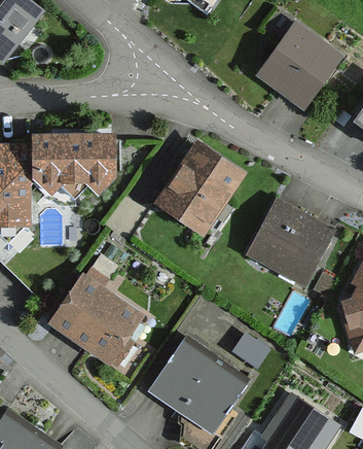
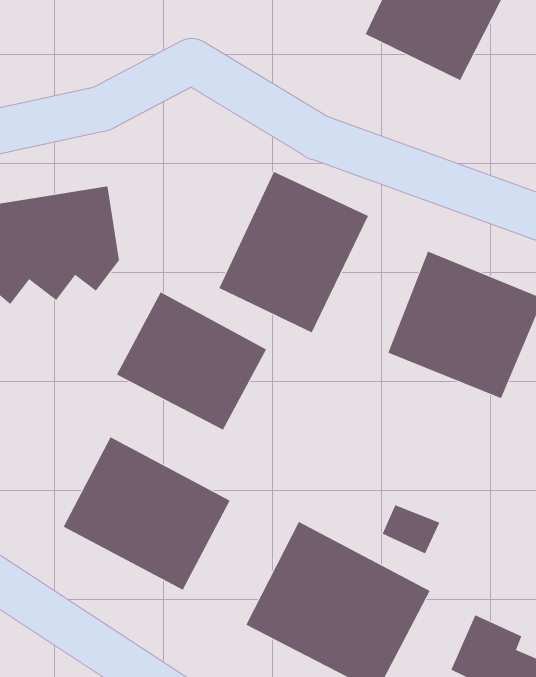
building: none -> [116,291,267,430]

